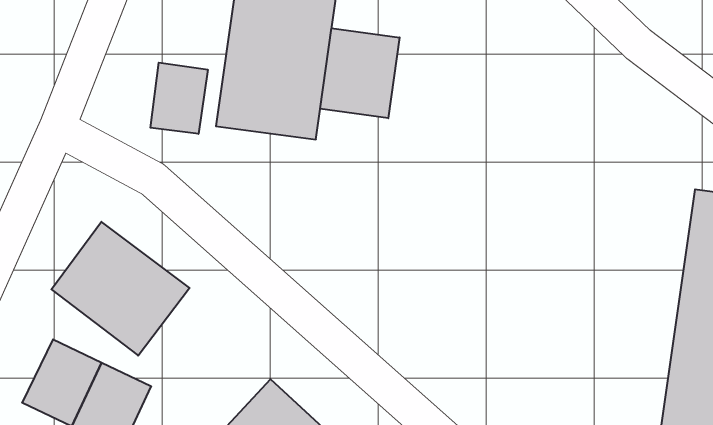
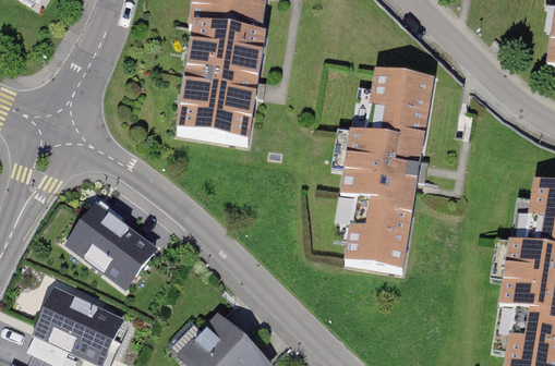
building: [320,28,400,118] -> none
building: none -> [345,62,432,269]
building: [150,63,208,134] -> none

